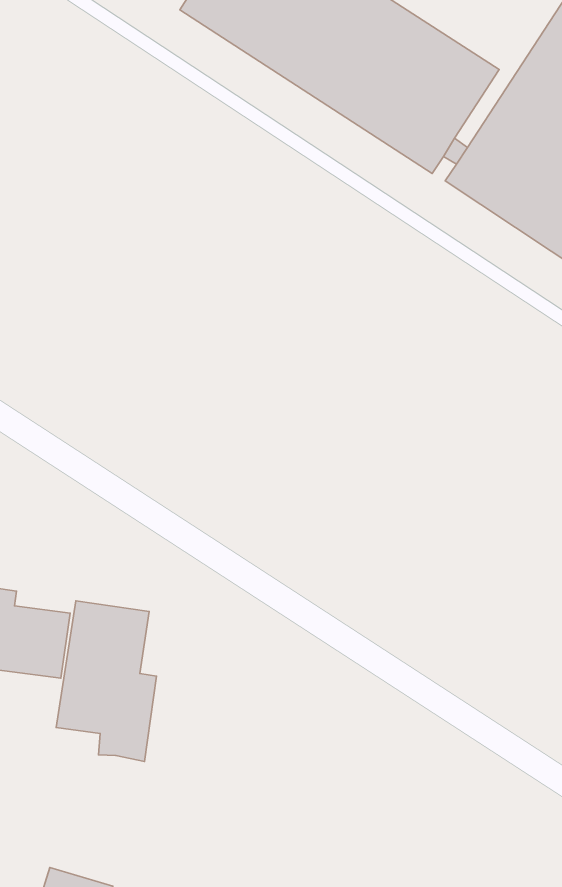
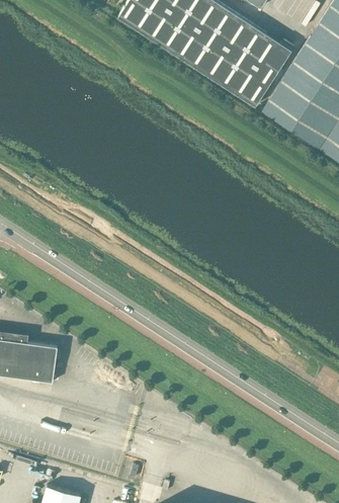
building: [56,601,156,762] -> none

